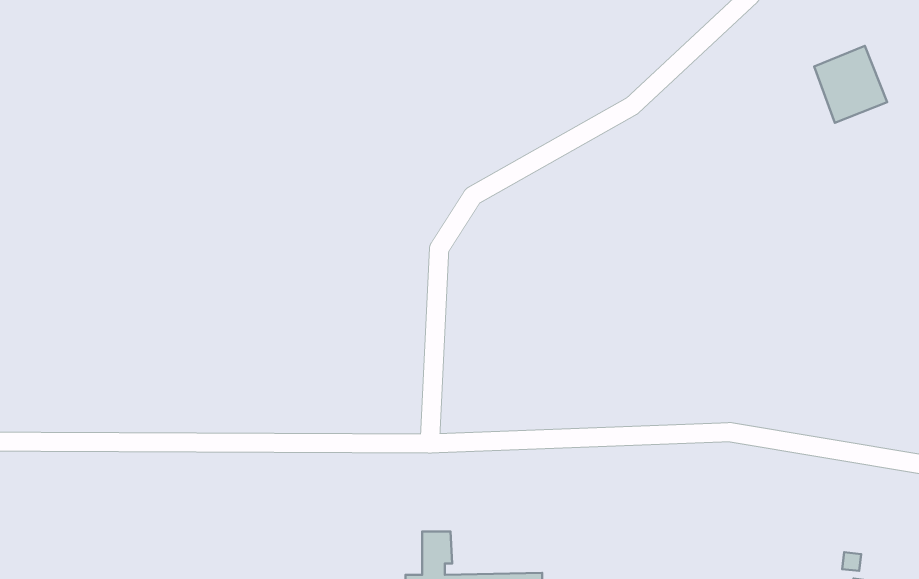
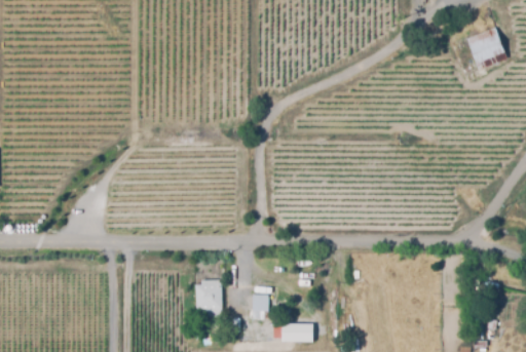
building: none -> [196,280,222,315]

